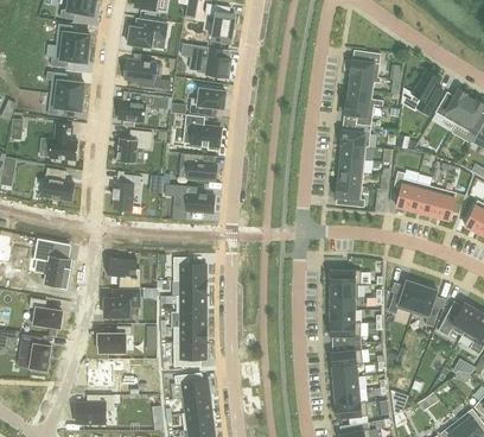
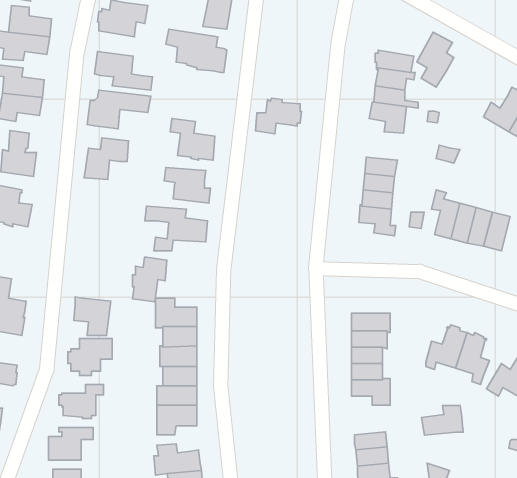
building: [412,70,441,114] -> [417,32,454,87]
building: [189,87,225,115] -> [255,98,302,134]
building: [338,125,370,147] -> none
building: [113,175,140,210] -> [133,257,167,302]
building: [329,343,362,367] -> [422,405,463,435]

